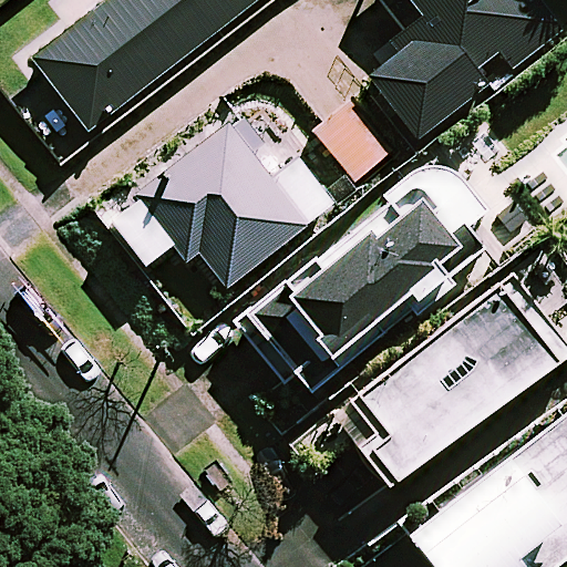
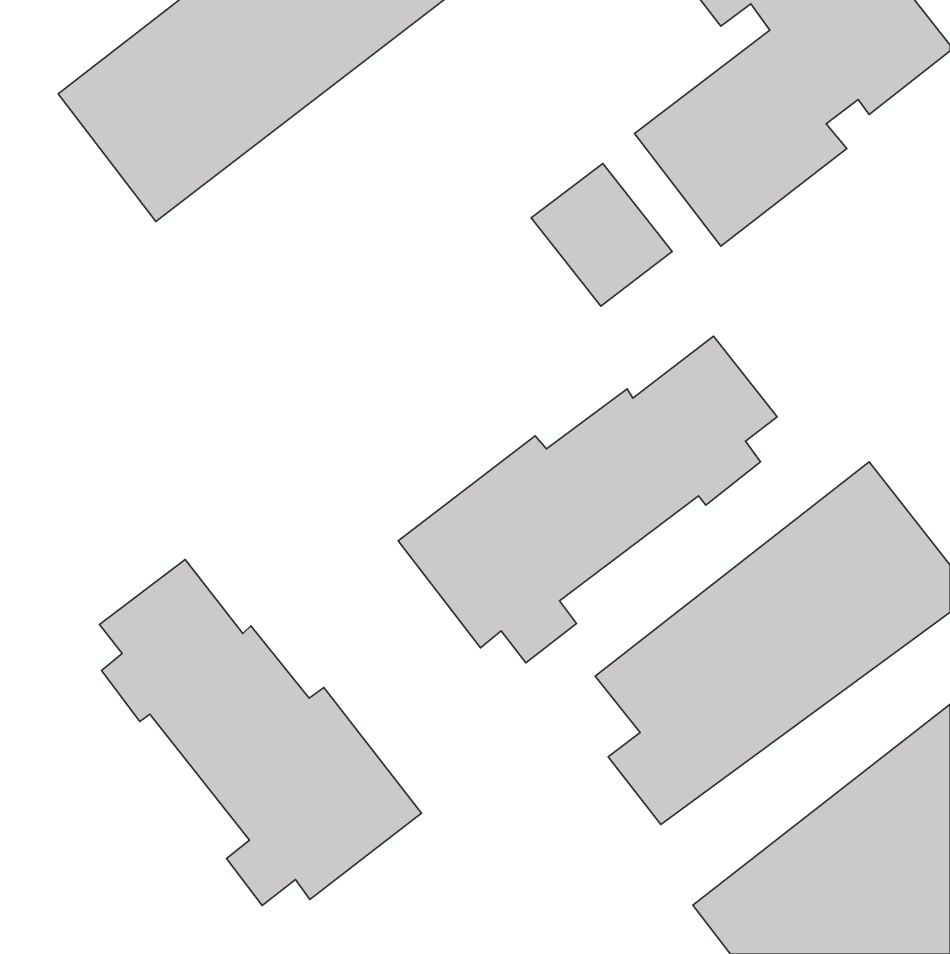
building: [138,122,339,286] -> none
building: none -> [99,560,422,905]

